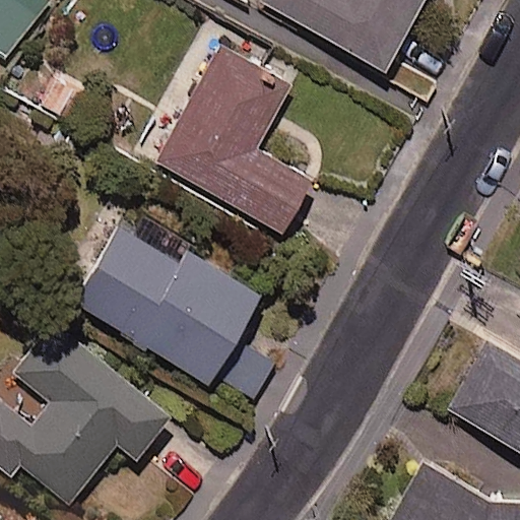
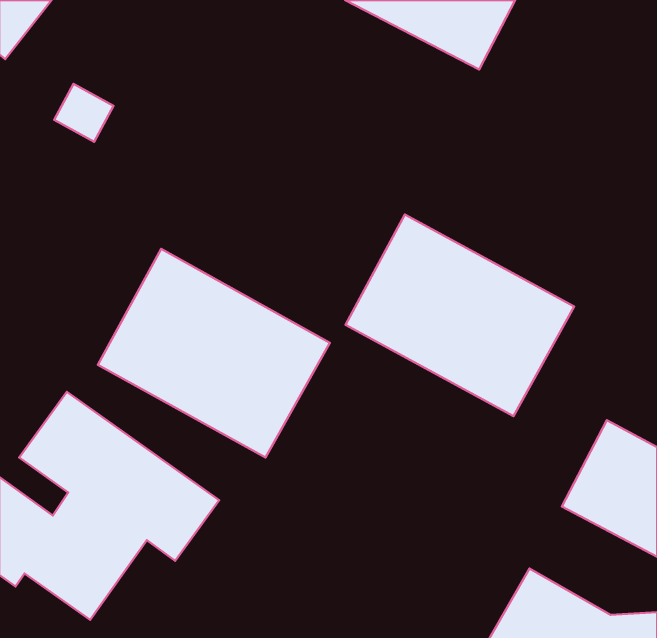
building: [159,51,312,231] -> none
building: none -> [346,215,574,416]

